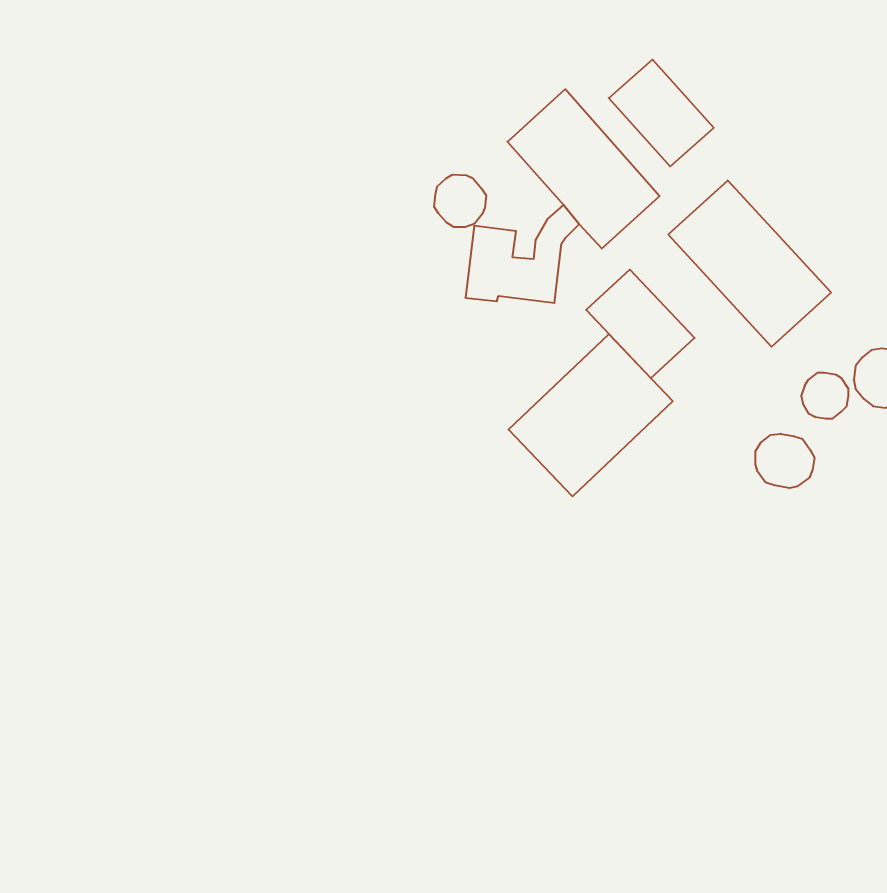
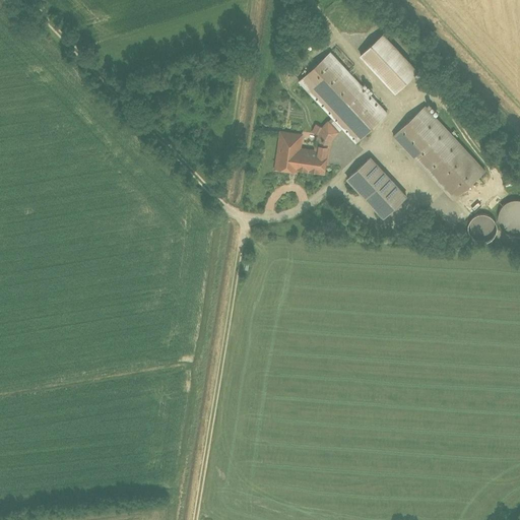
building: [434,175,486,227] -> none
building: [508,334,673,496] -> none
building: [755,434,814,488] -> none

